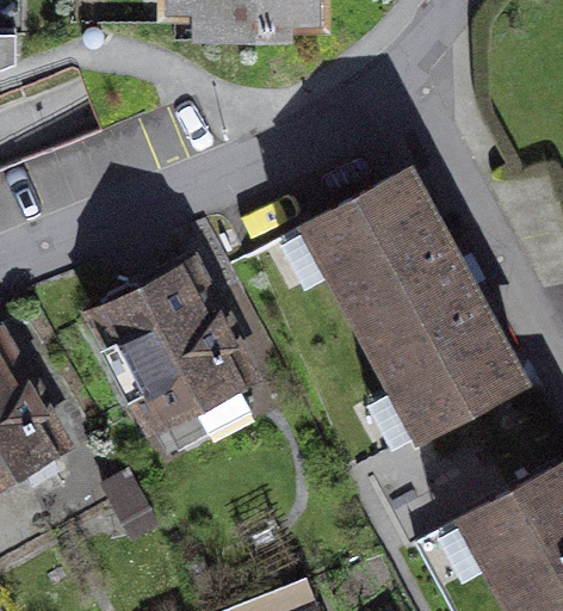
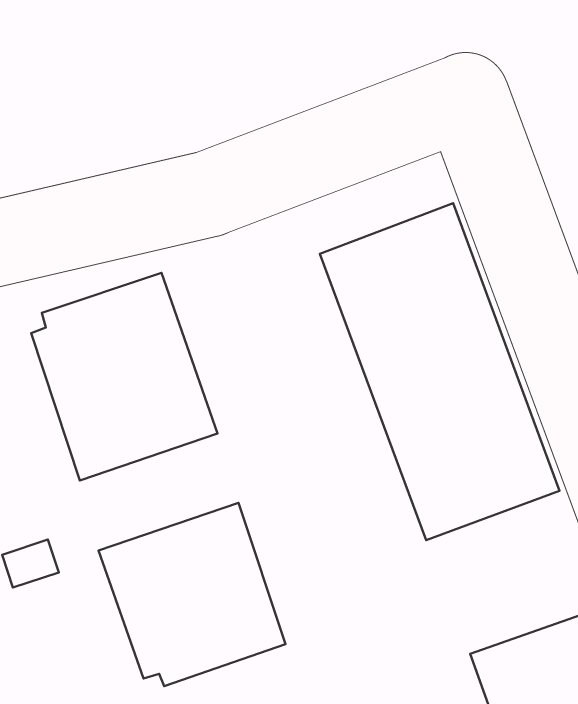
building: none -> [98,503,285,686]

